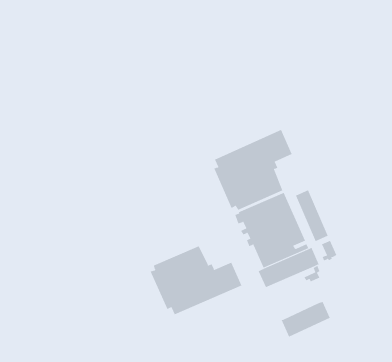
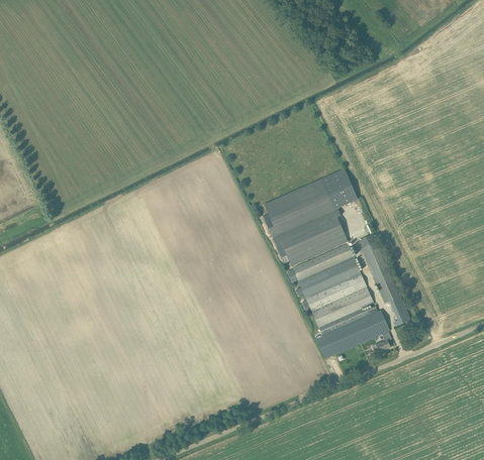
building: [150,245,242,315] -> none
building: [281,301,330,337] -> none

